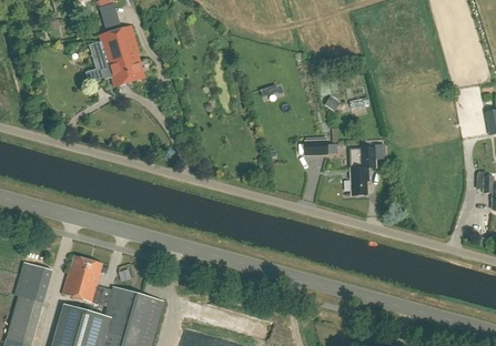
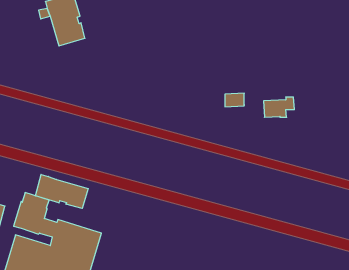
building: [351,166,368,195] -> none
building: none -> [35,174,88,208]

